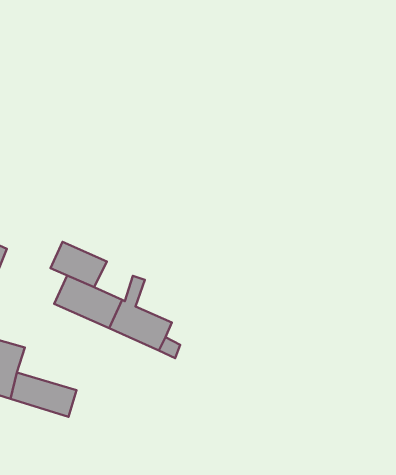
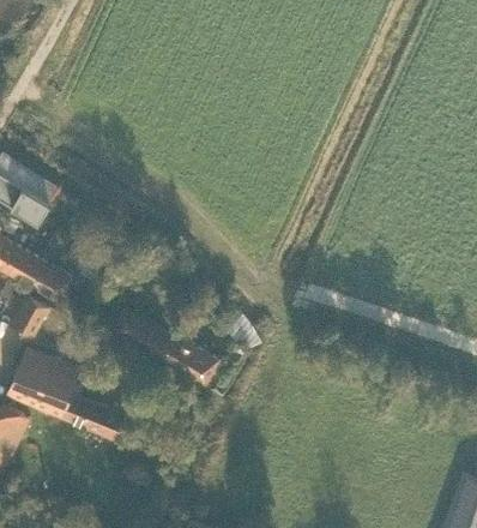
building: [51,242,107,287] -> none

